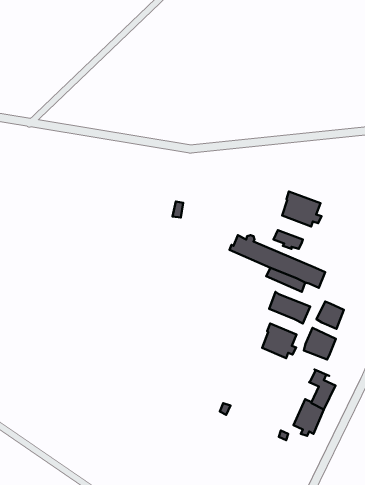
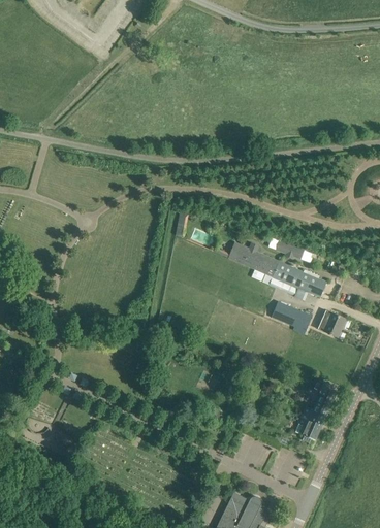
building: [282,191,321,227] -> none
building: [262,324,297,358] -> none
building: [304,328,336,360] -> none

